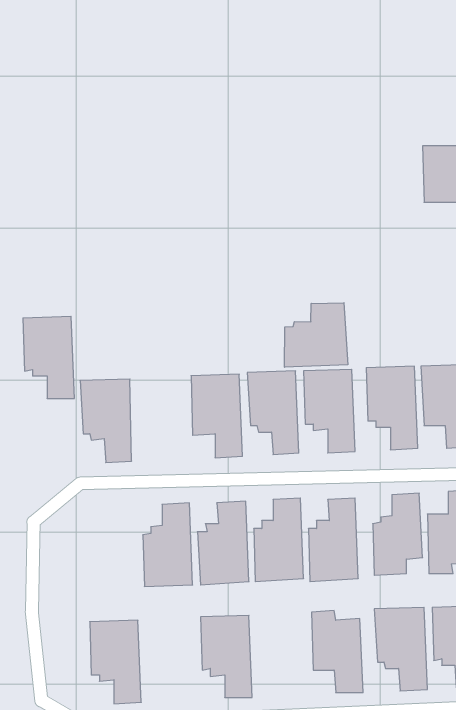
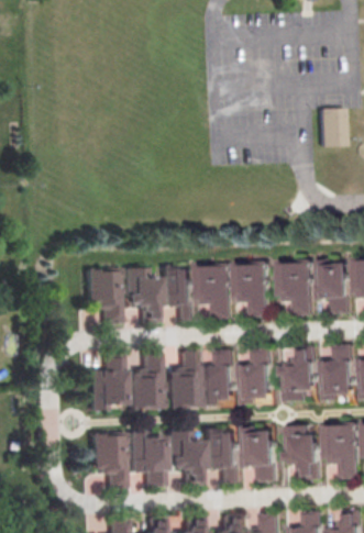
building: [285,303,348,367] -> none
building: [23,316,74,398] -> [120,266,155,322]
building: none -> [87,354,121,411]
building: none -> [202,426,238,484]
building: none -> [126,430,162,486]

